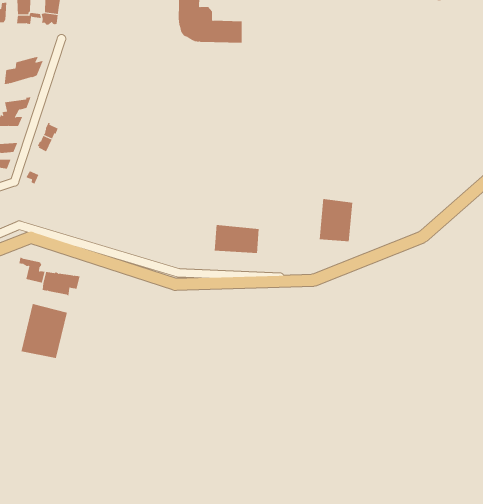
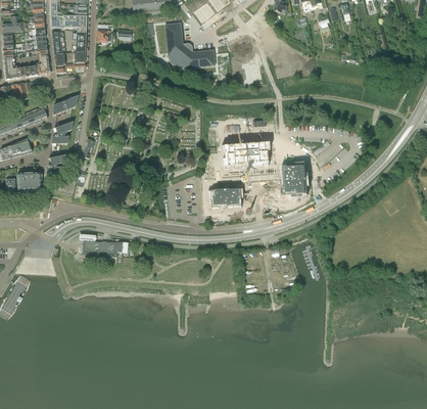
building: none -> [219,143,258,168]
building: [21,303,68,359] -> none

